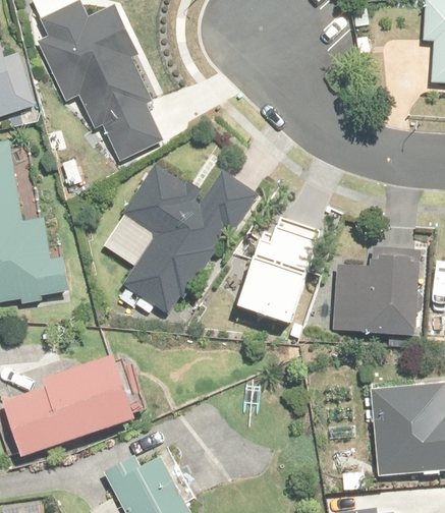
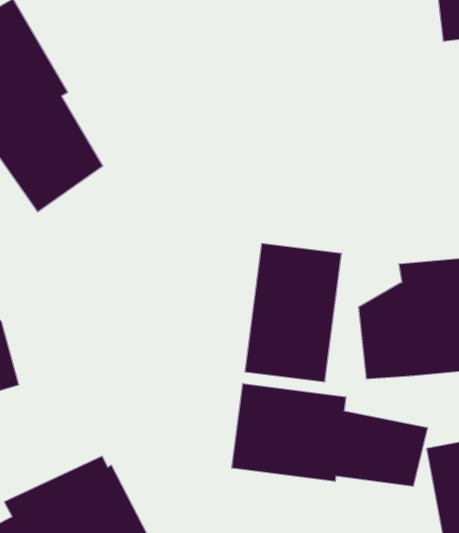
building: [106,169,241,320] -> none
building: none -> [232,383,427,486]

